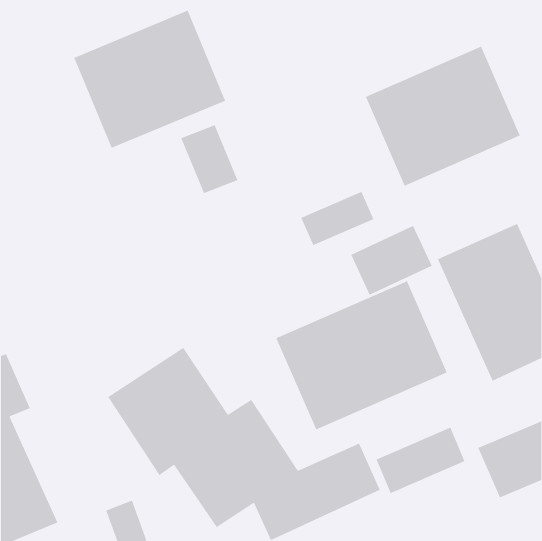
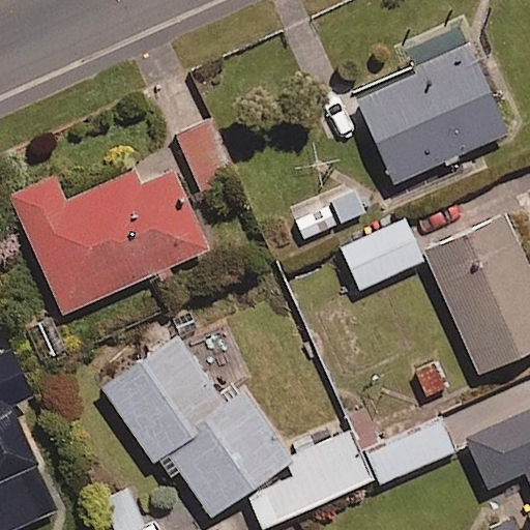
building: [73,10,226,149] -> none
building: none -> [9,170,208,314]
building: [275,280,448,430] -> none

